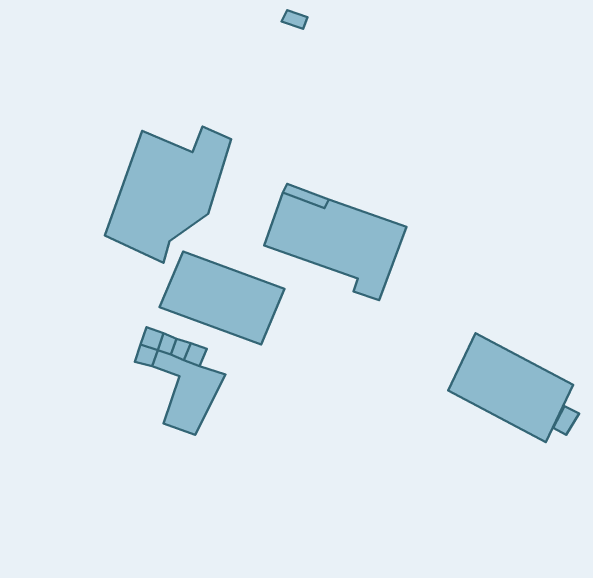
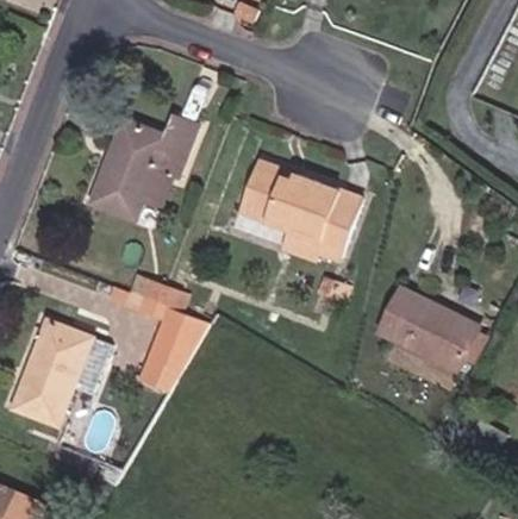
building: [160,251,285,345] -> none
building: none -> [14,317,93,429]

